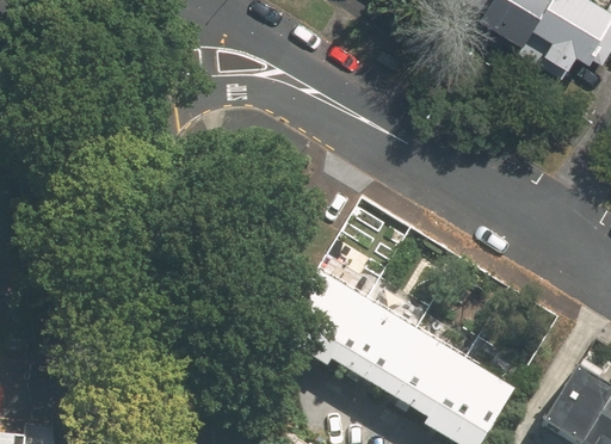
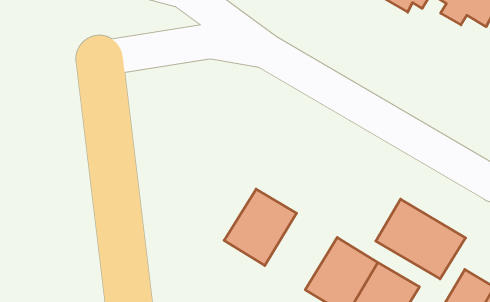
building: none -> [376,199,466,279]
building: [329,296,419,390] -> none

